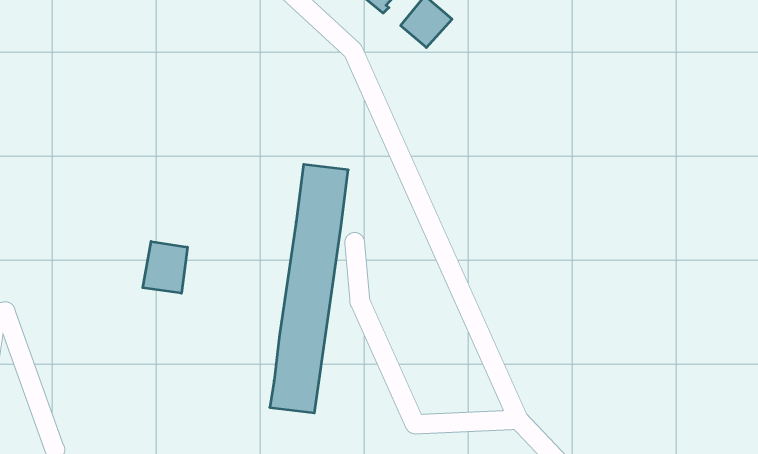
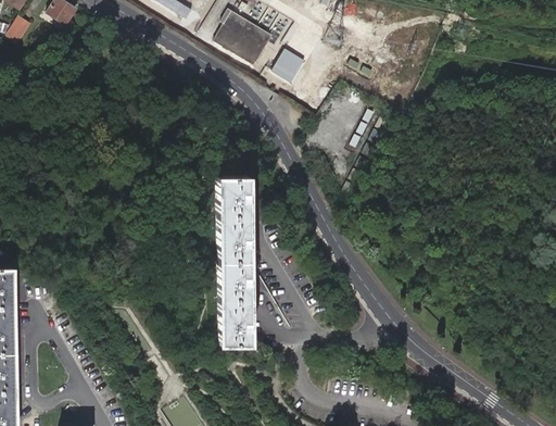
building: [143,241,187,293] -> none

